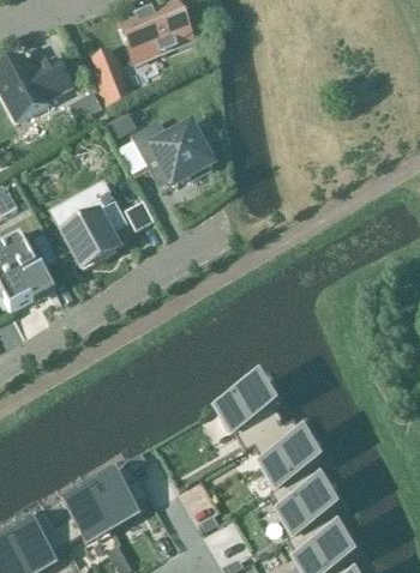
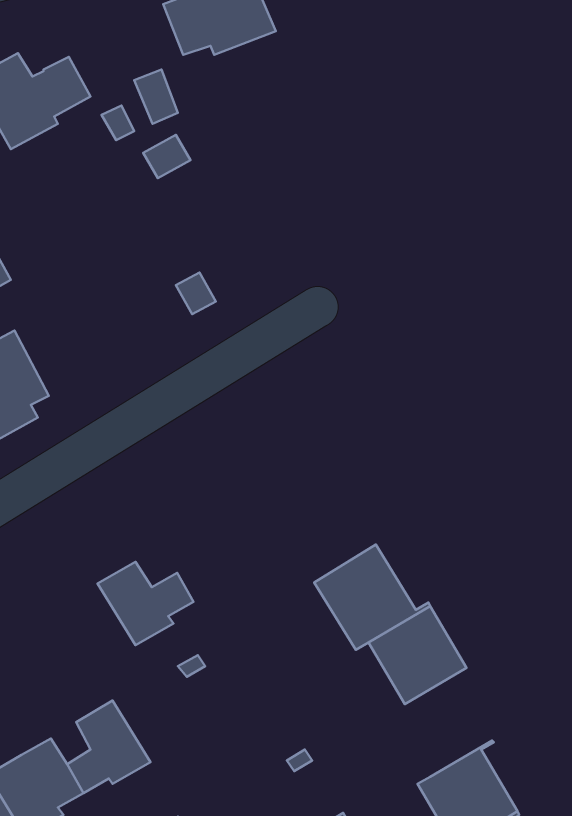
building: [130,120,211,183] -> none
building: [64,182,124,267] -> none
building: [270,463,336,535] -> none
building: [85,470,149,525] -> [97,562,194,645]

